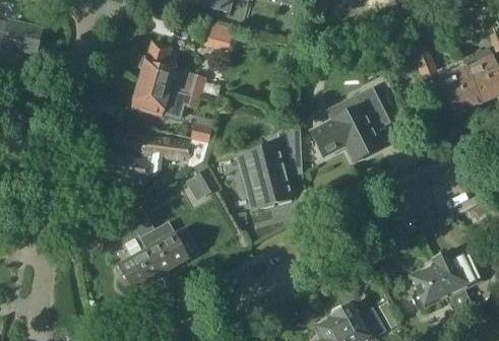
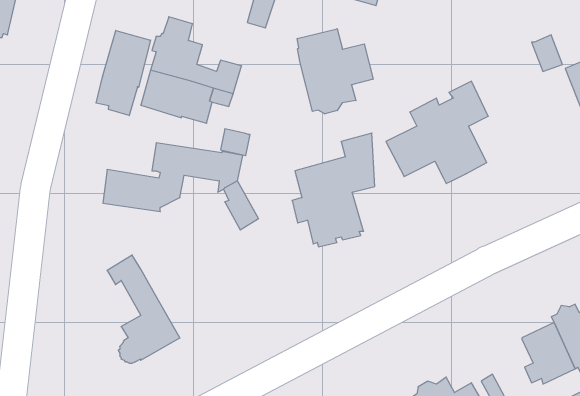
building: none -> [297,29,373,114]
building: none -> [96,30,151,116]
building: [140,222,199,274] -> none

